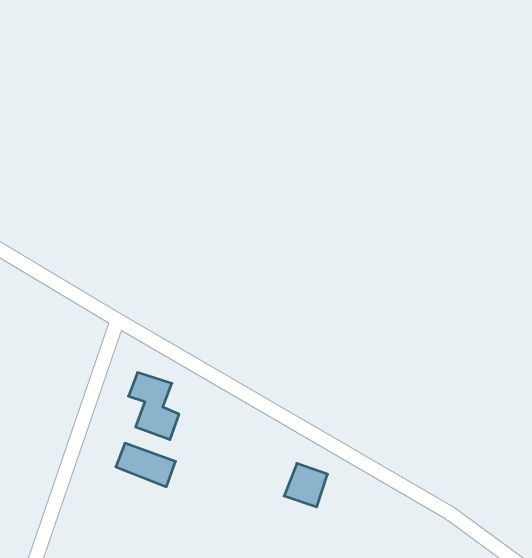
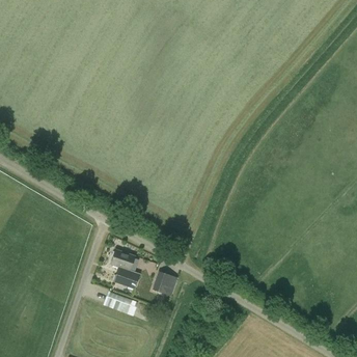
building: [284,463,328,507] -> [152,271,176,296]

